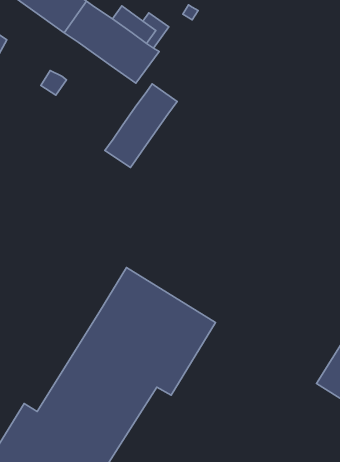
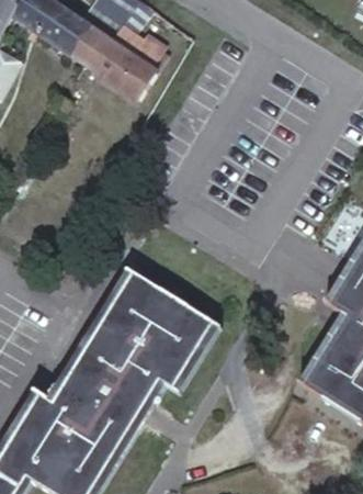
building: [105,84,177,168] -> none

